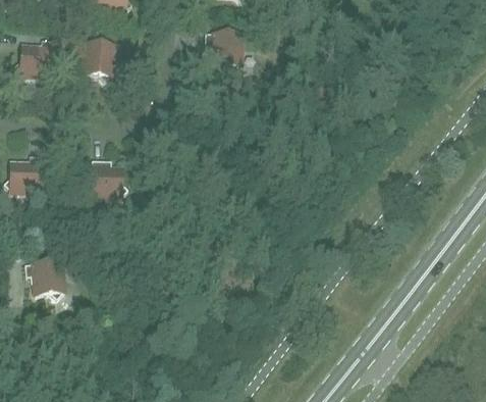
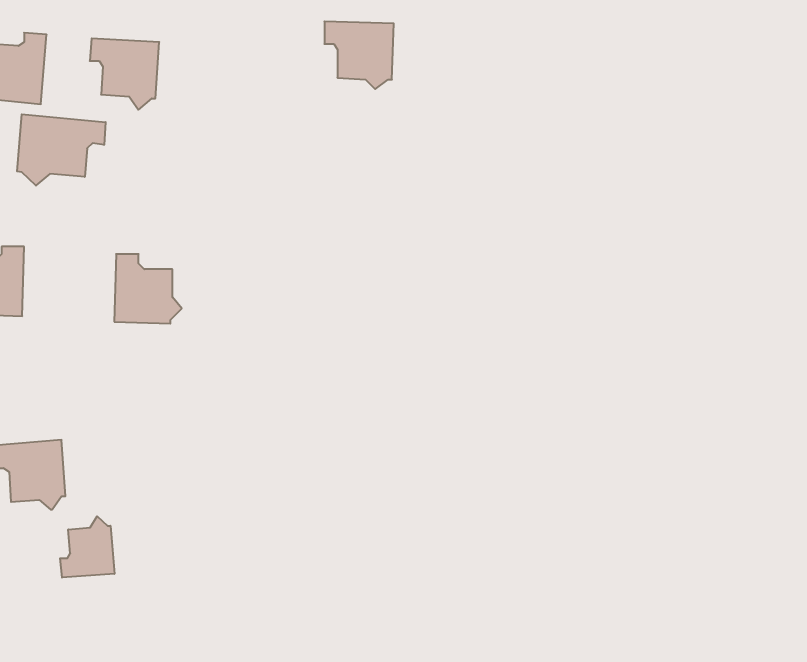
building: none -> [17,114,106,186]
building: none -> [60,516,114,578]

